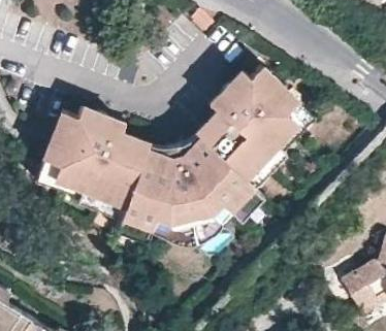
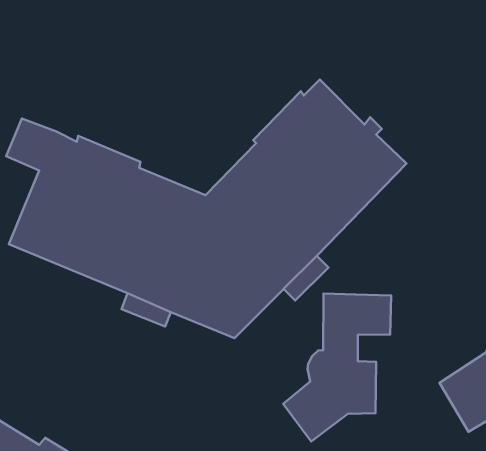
building: none -> [283,293,391,441]

